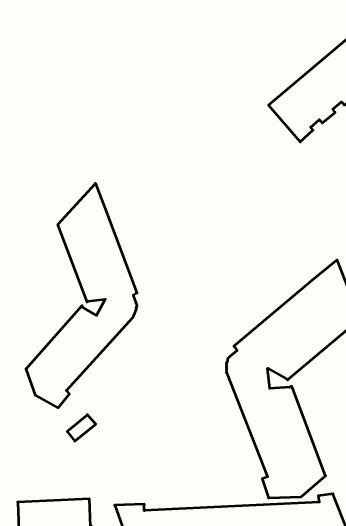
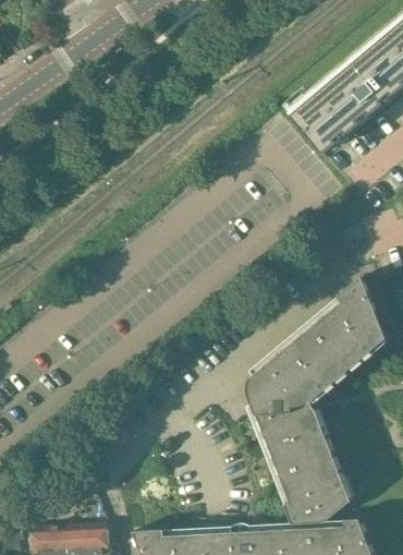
building: [26,183,137,408] -> none

